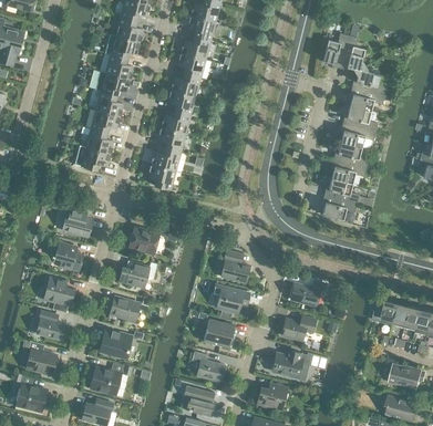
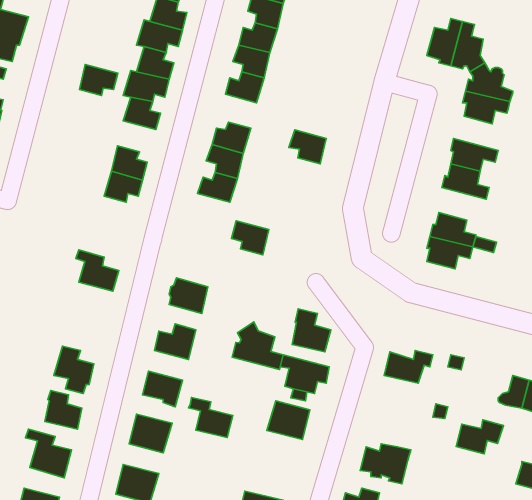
building: [167,90,195,115] -> [289,130,326,164]
building: [342,106,378,132] -> none
building: [91,110,120,133] -> [79,64,118,96]
building: [331,159,367,184] -> none
building: [147,164,175,189] -> [232,221,269,255]
building: [54,242,83,271] -> none
building: none -> [232,322,283,369]
building: [281,315,317,341] -> [456,420,503,454]
building: [192,352,225,382] -> [189,398,233,438]

